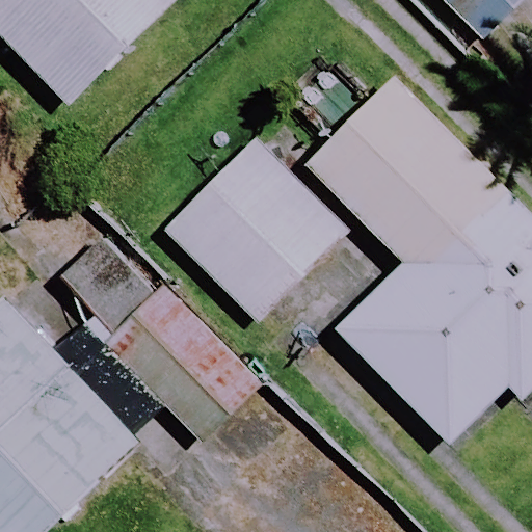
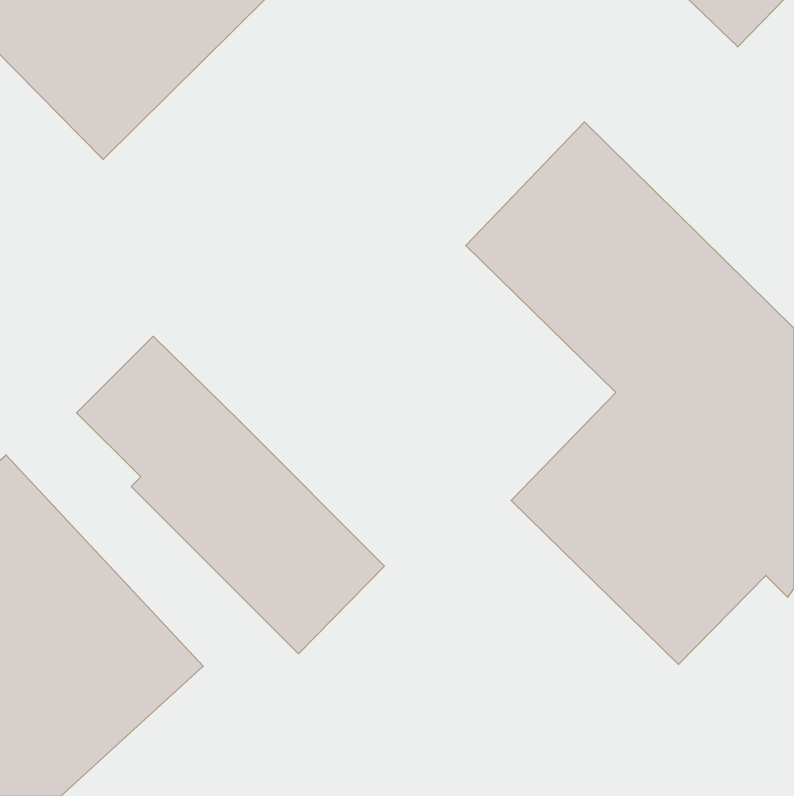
building: [172,132,353,313] -> none

